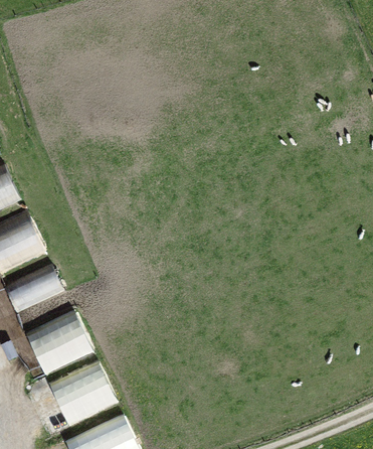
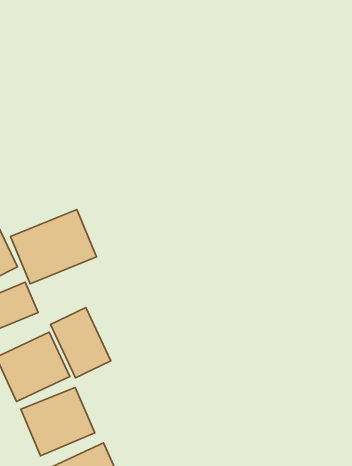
building: none -> [11,210,97,284]
building: none -> [51,308,111,378]

